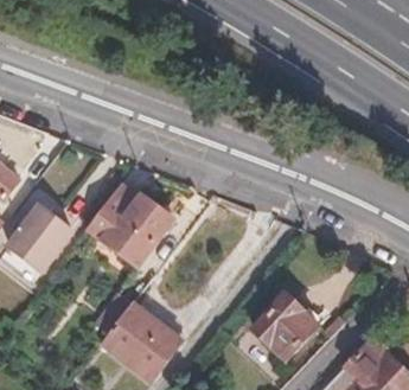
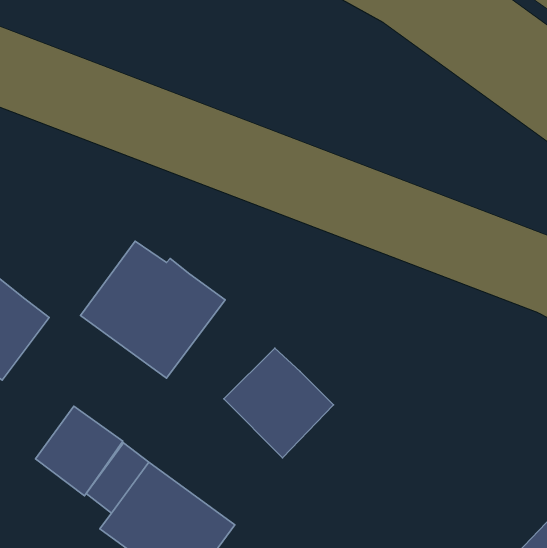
building: none -> [35,406,123,496]
building: [253,292,319,358] -> [224,348,333,458]

